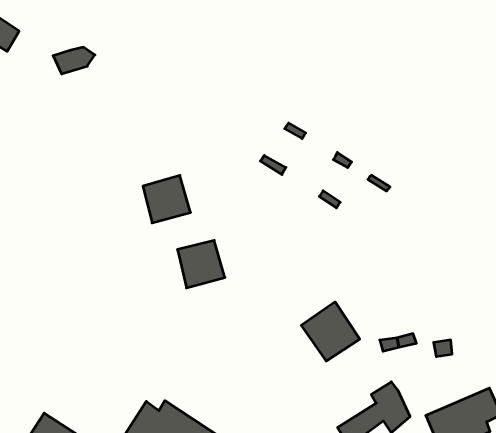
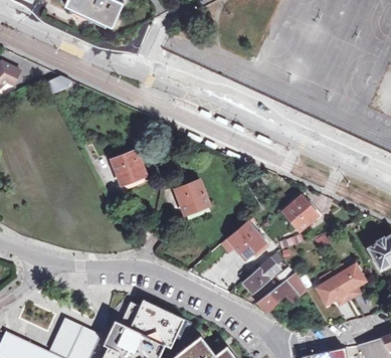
building: [177,240,225,288] -> [176,180,209,213]
building: none -> [282,195,318,230]
building: none -> [243,252,282,293]

